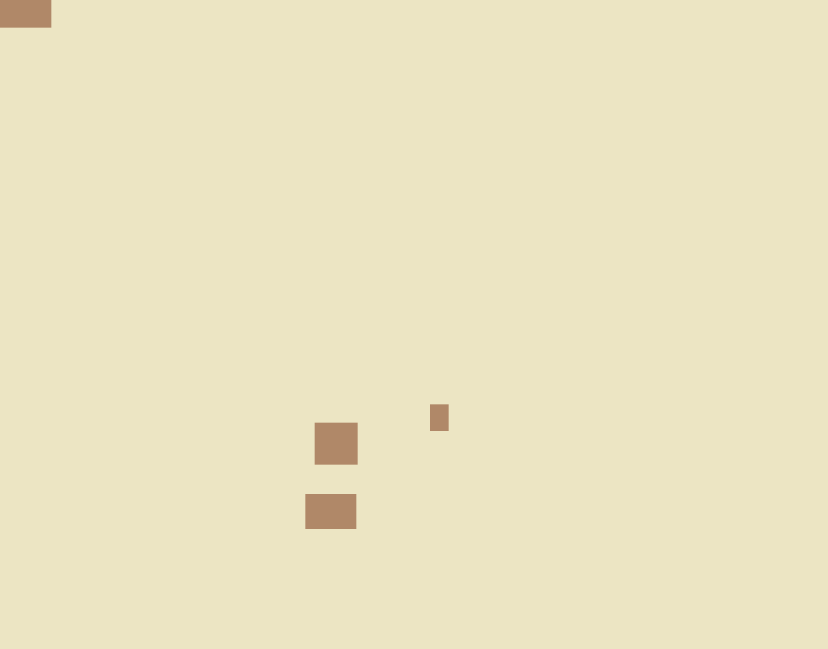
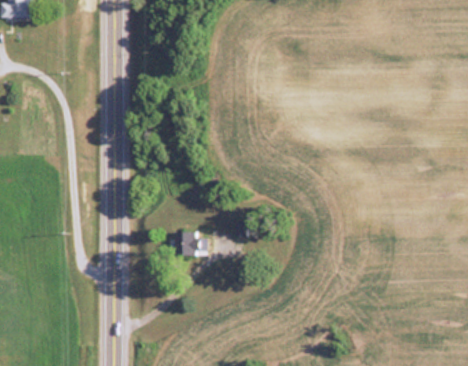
building: [305,493,357,530] -> none

